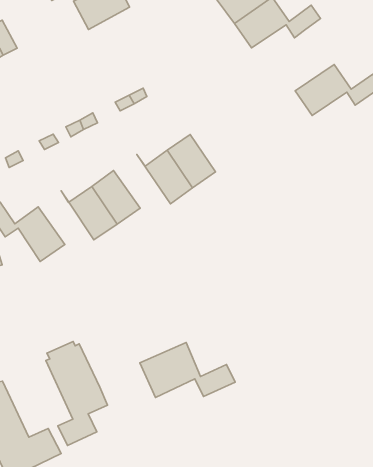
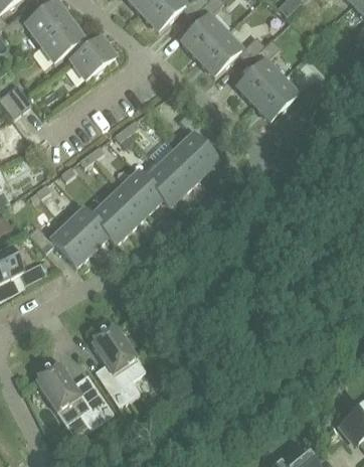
building: none -> [237,36,281,102]
building: none -> [177,110,217,174]
building: none -> [122,170,170,211]
building: none -> [67,207,115,249]
building: [140,343,235,397] -> none

